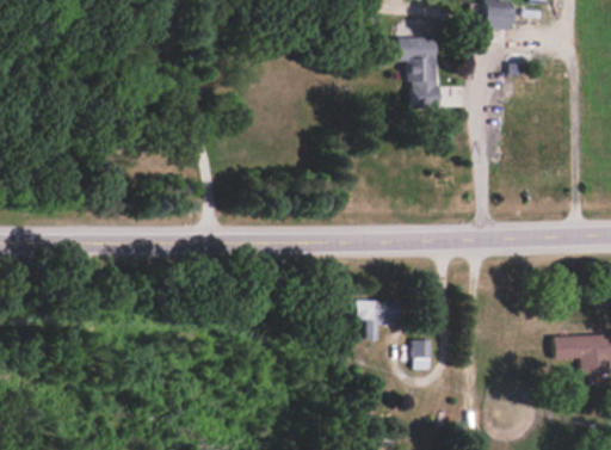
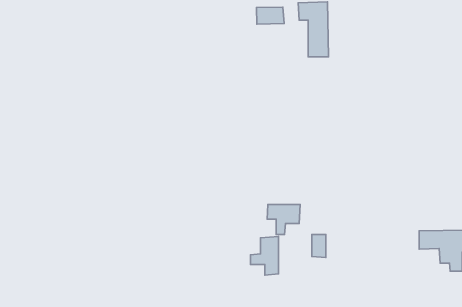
building: none -> [256,7,284,24]
building: none -> [250,237,279,275]

